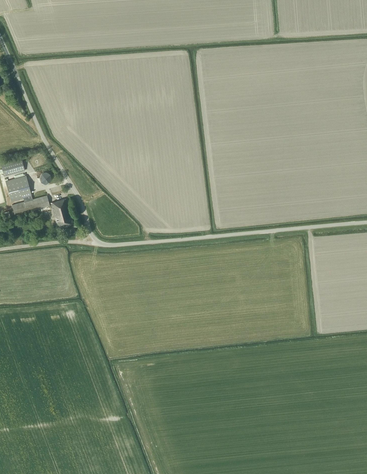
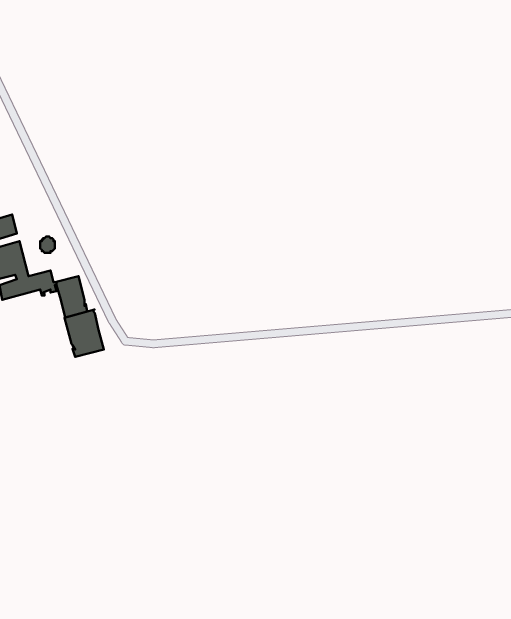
building: none -> [64,310,104,357]

